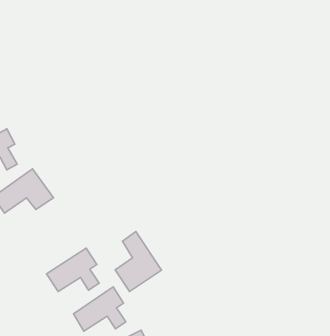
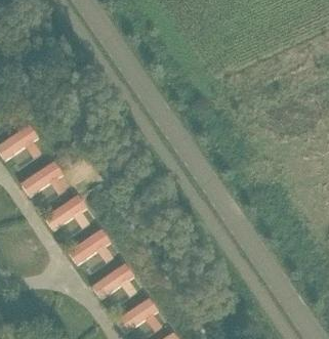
building: none -> [43,195,93,231]
building: [115,231,161,291] -> none

